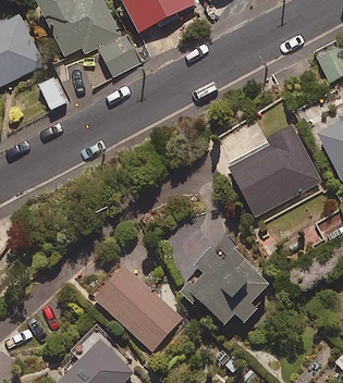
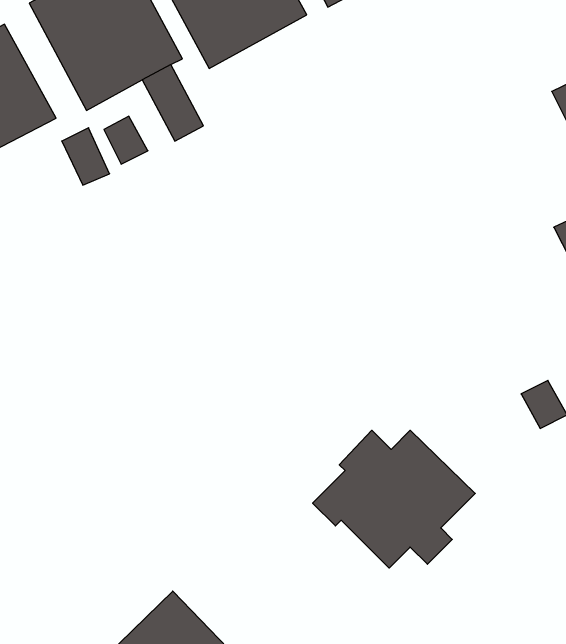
building: [230,126,321,215] -> none
building: [96,265,182,349] -> none

